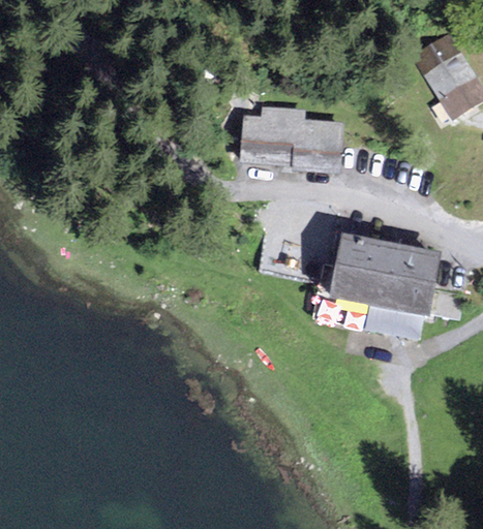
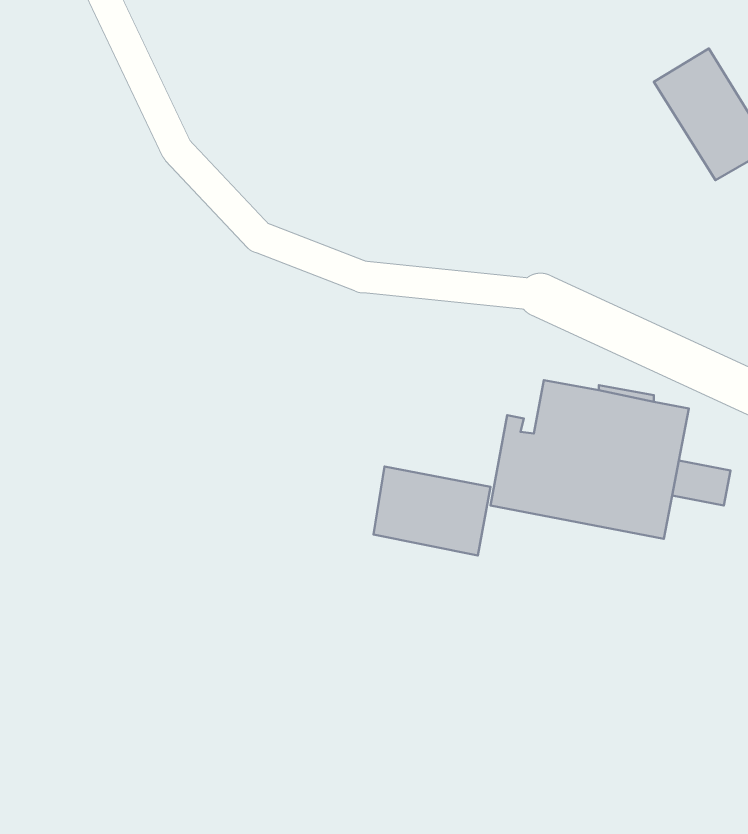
building: [243,106,341,168] -> none
building: none -> [373,467,490,556]

